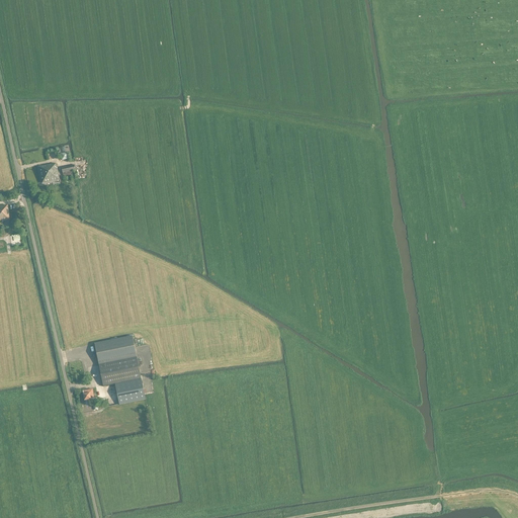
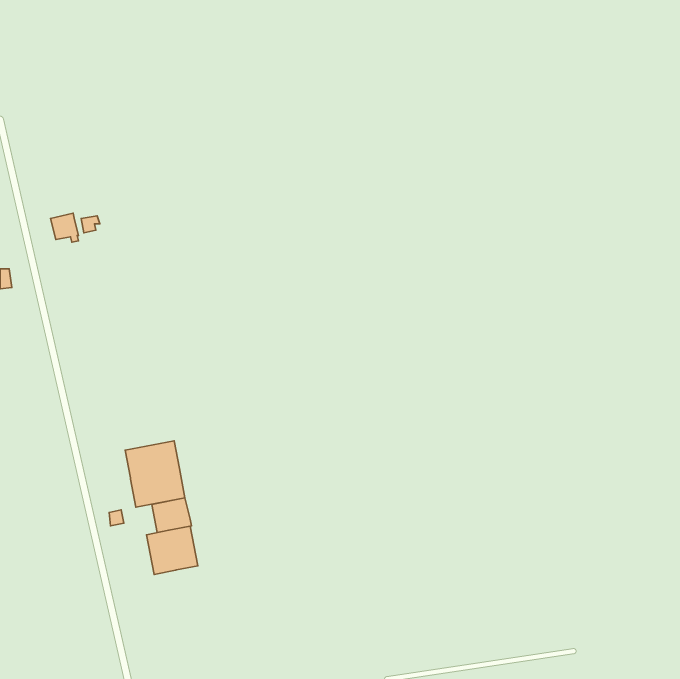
building: none -> [147,526,198,574]

